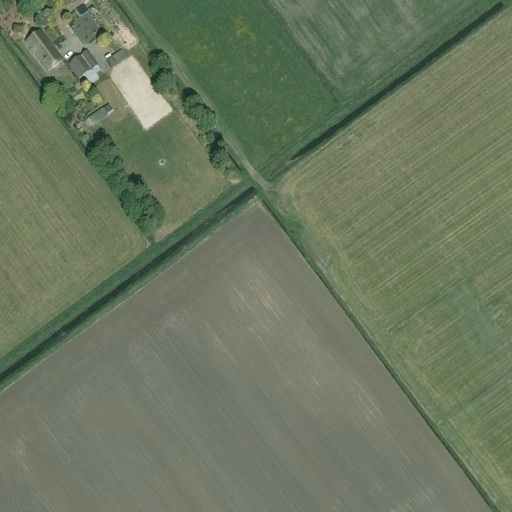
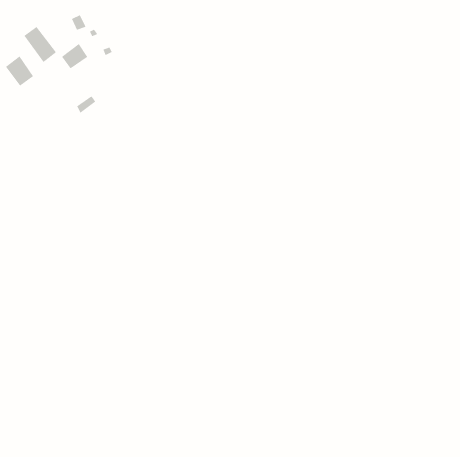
building: none -> [5,56,34,86]

